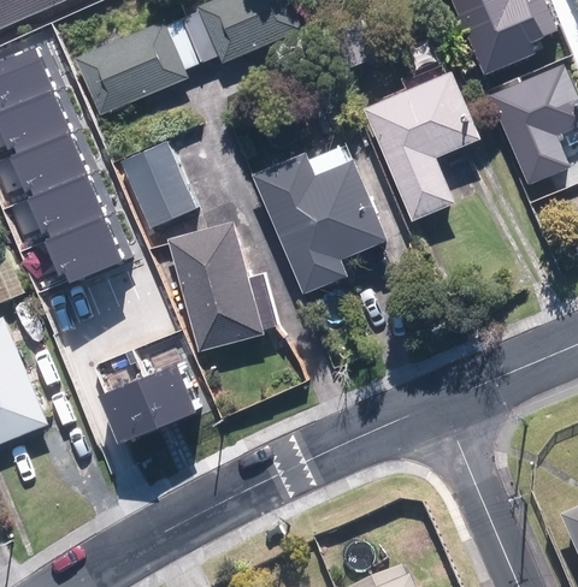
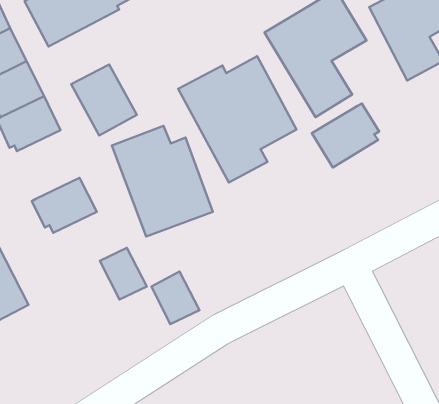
building: none -> [312,104,379,167]
building: [46,218,123,281] -> [32,178,97,233]
building: [106,378,161,440] -> [152,271,199,324]

